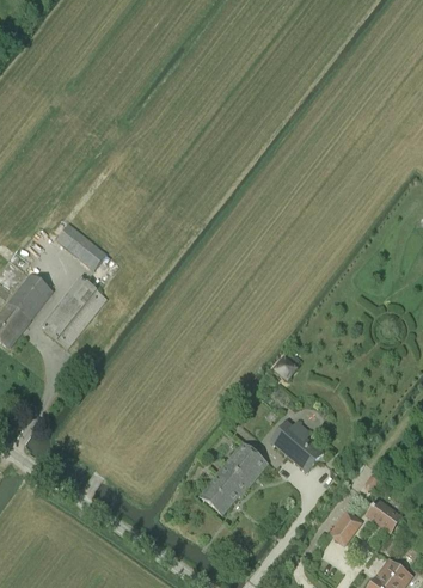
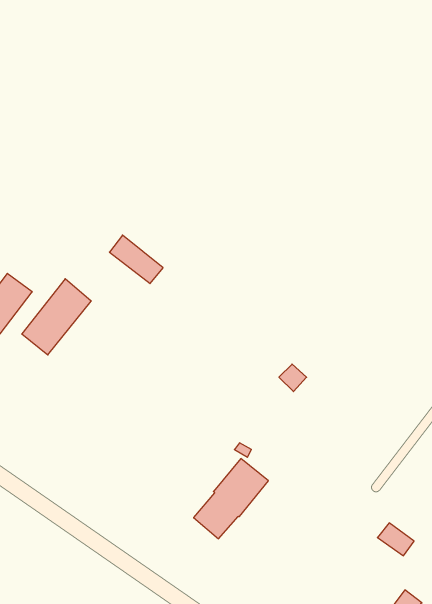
building: [57,223,106,268] -> [109,235,163,284]
building: [270,419,323,471] -> none
building: [330,509,363,545] -> none

